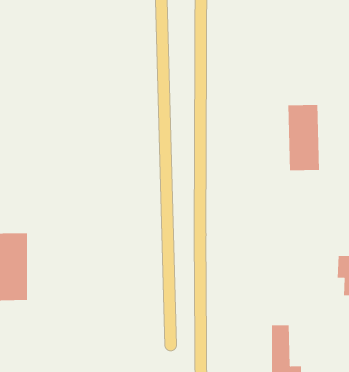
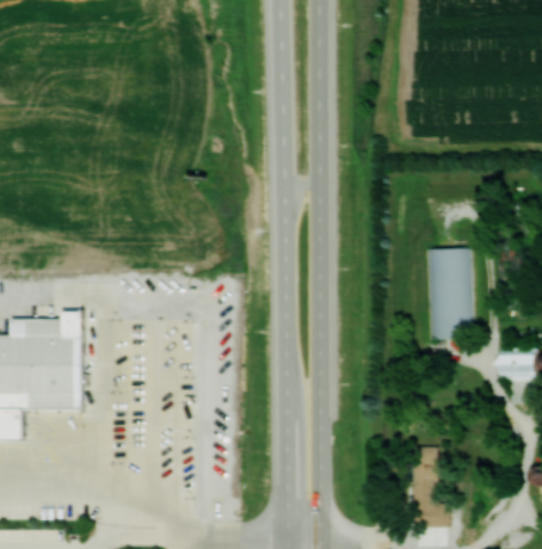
building: [288,104,320,171] -> [429,247,473,338]

